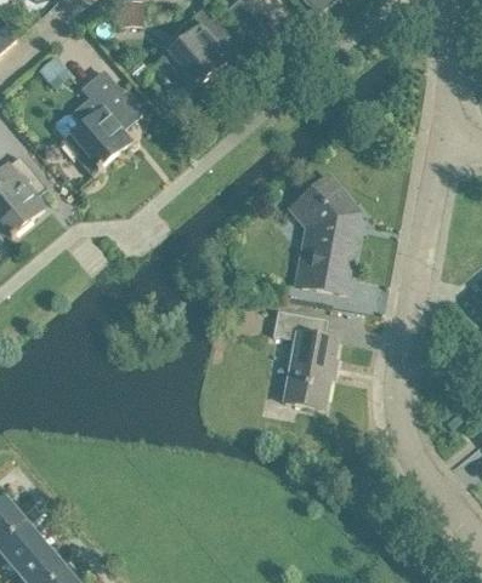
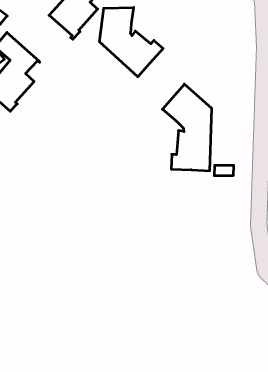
building: none -> [100,7,163,77]
building: [273,310,338,408] -> none

